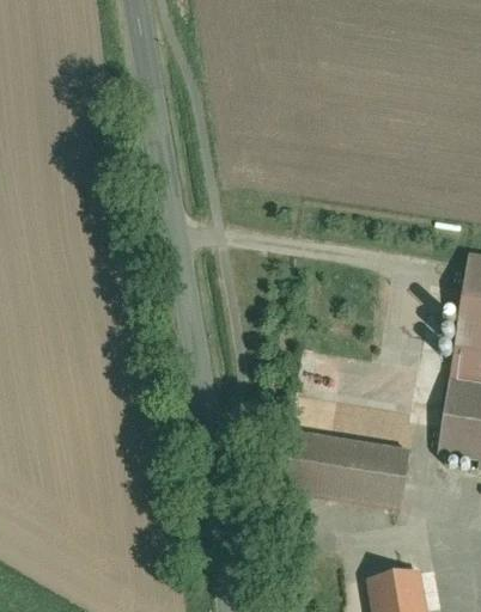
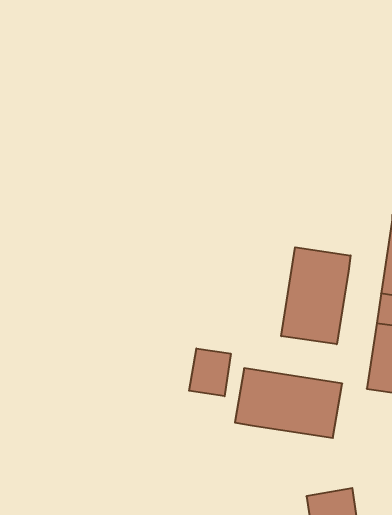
building: none -> [281,247,351,344]
building: none -> [189,348,231,396]

